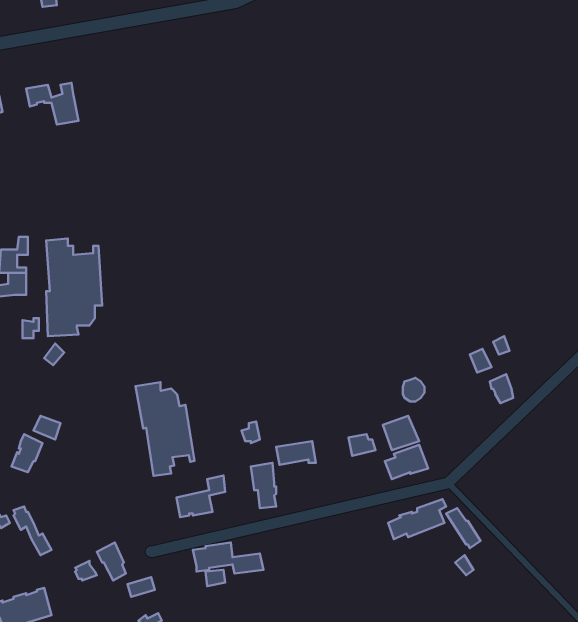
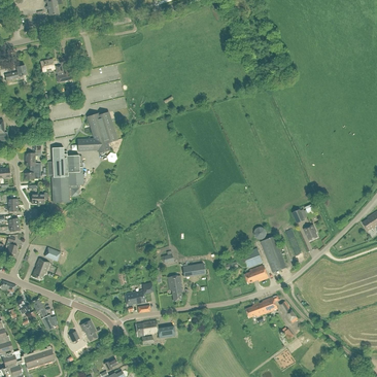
building: none -> [76,111,116,152]
building: [135,382,195,476] -> none
building: none -> [260,236,285,272]

